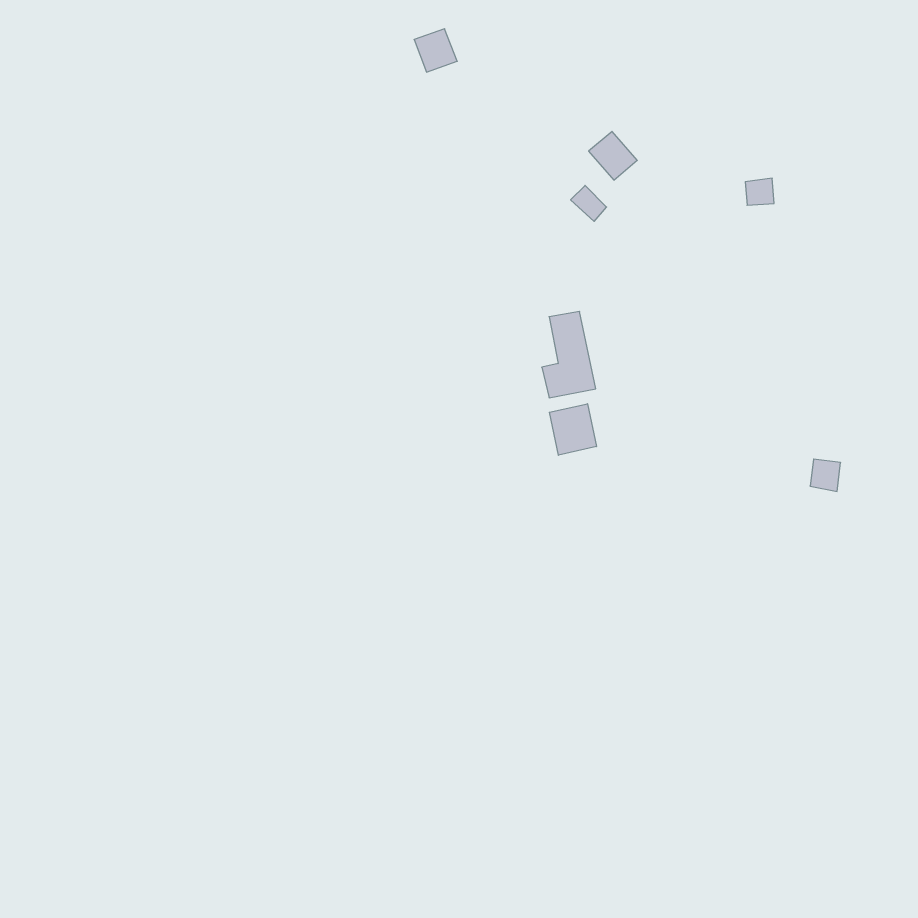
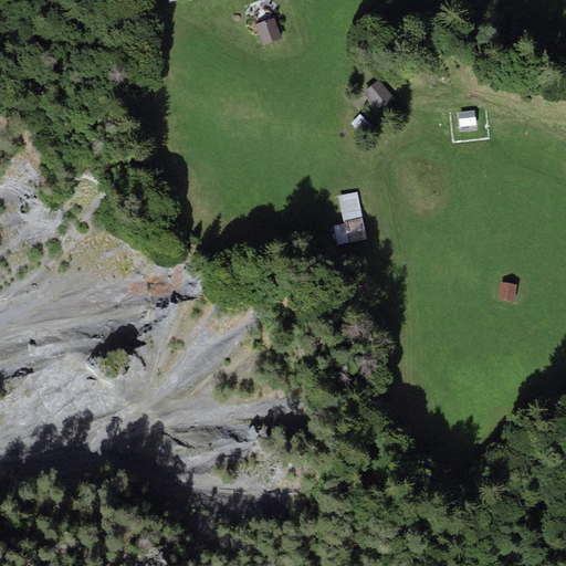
building: [549,404,596,455] -> none

